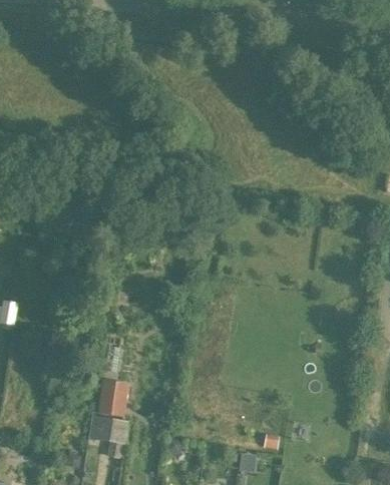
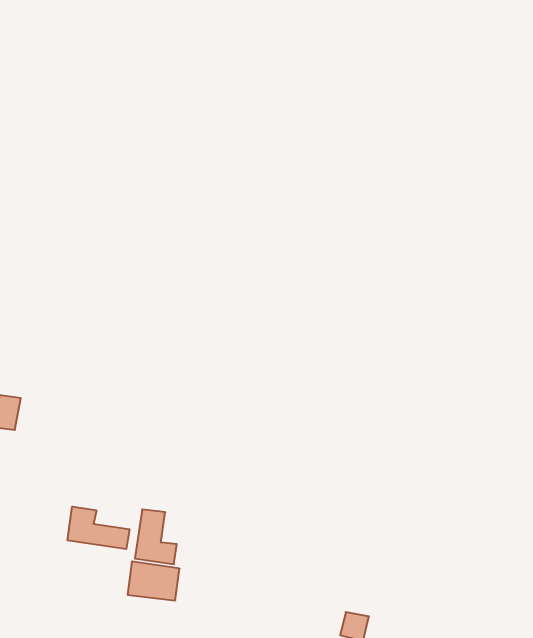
building: none -> [67,507,130,549]

